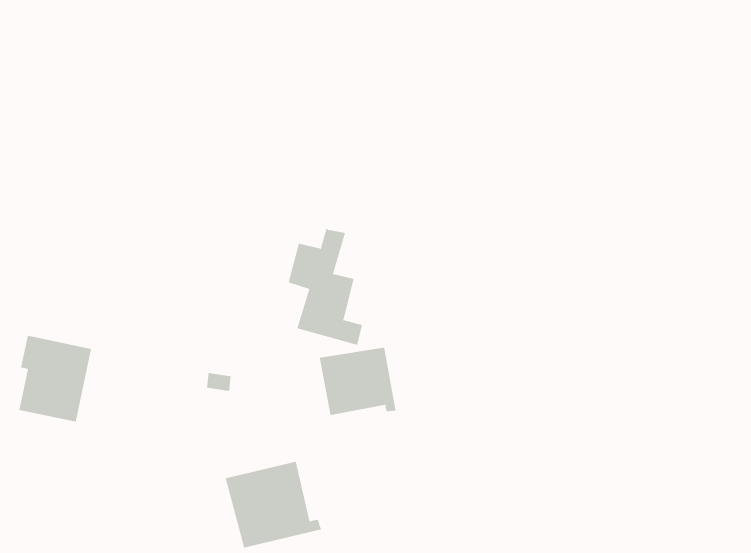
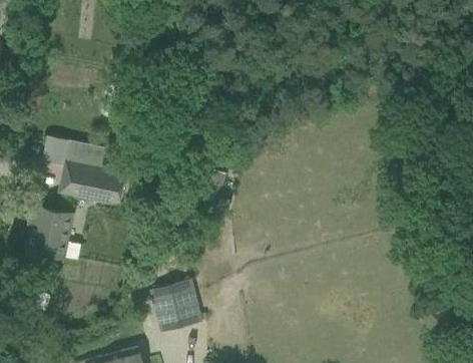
building: none -> [42,134,125,205]
building: [319,347,396,416] -> none

